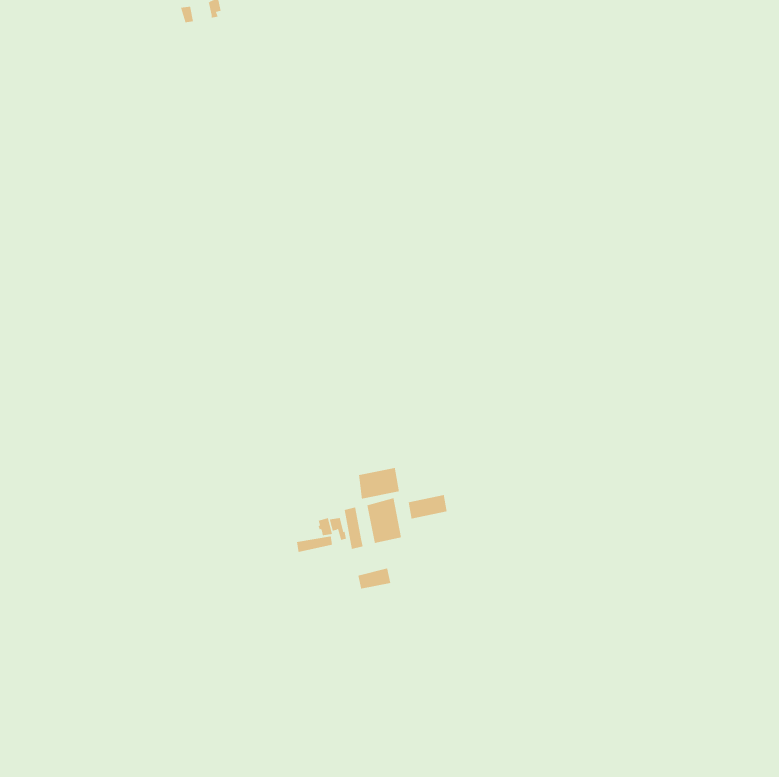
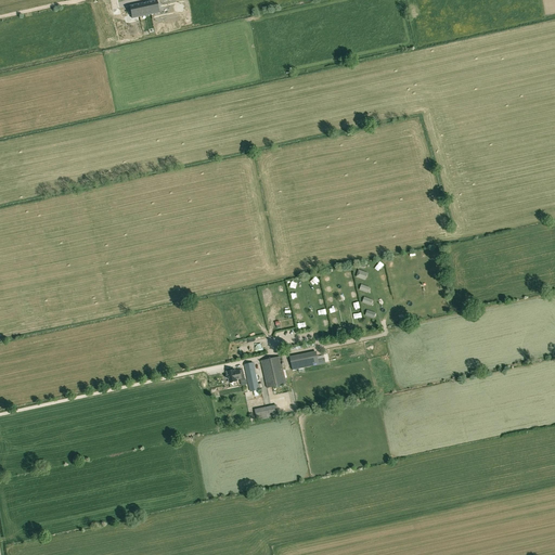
building: [358,467,399,500] -> none

